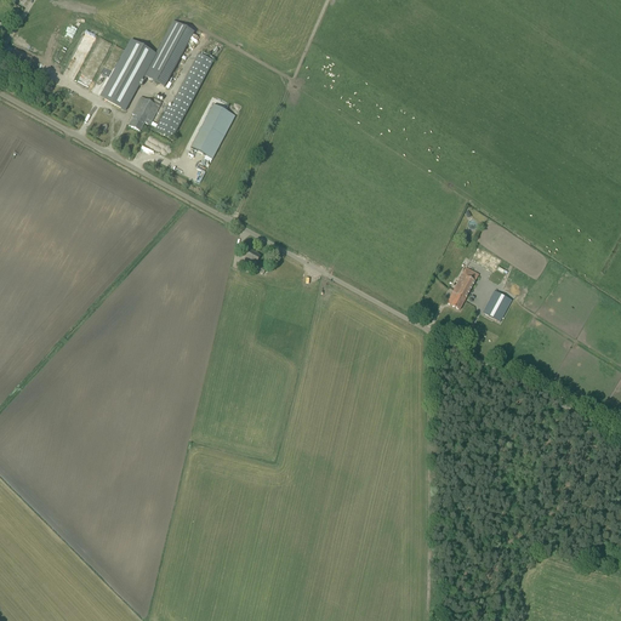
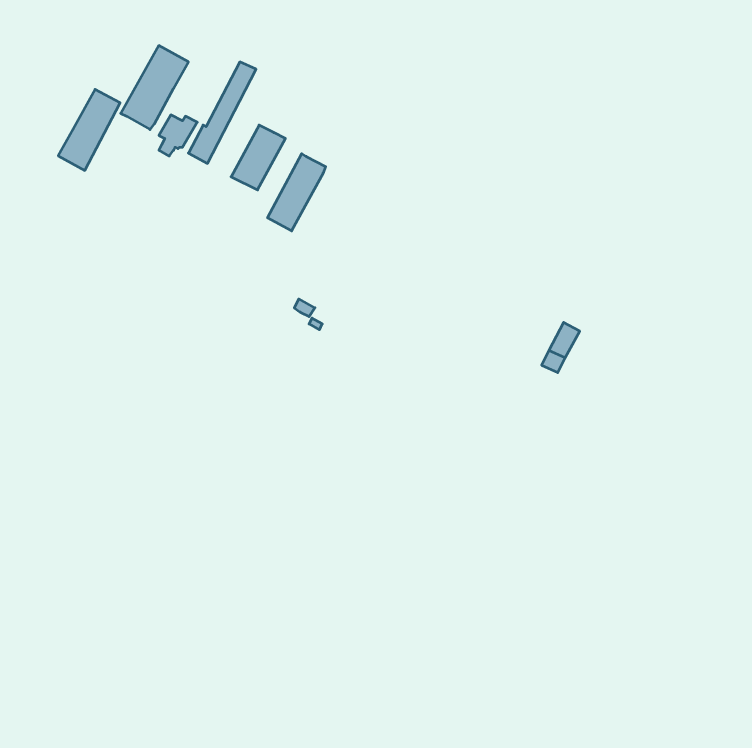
building: [143,18,194,85] -> [58,89,120,170]
building: none -> [268,154,326,231]
building: [482,289,512,320] -> none

